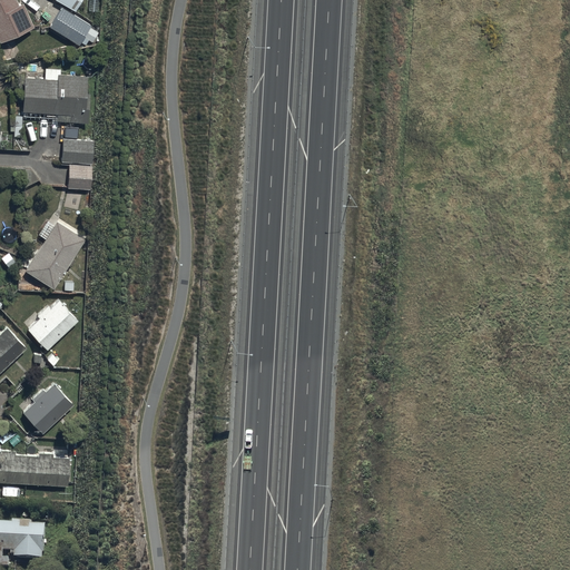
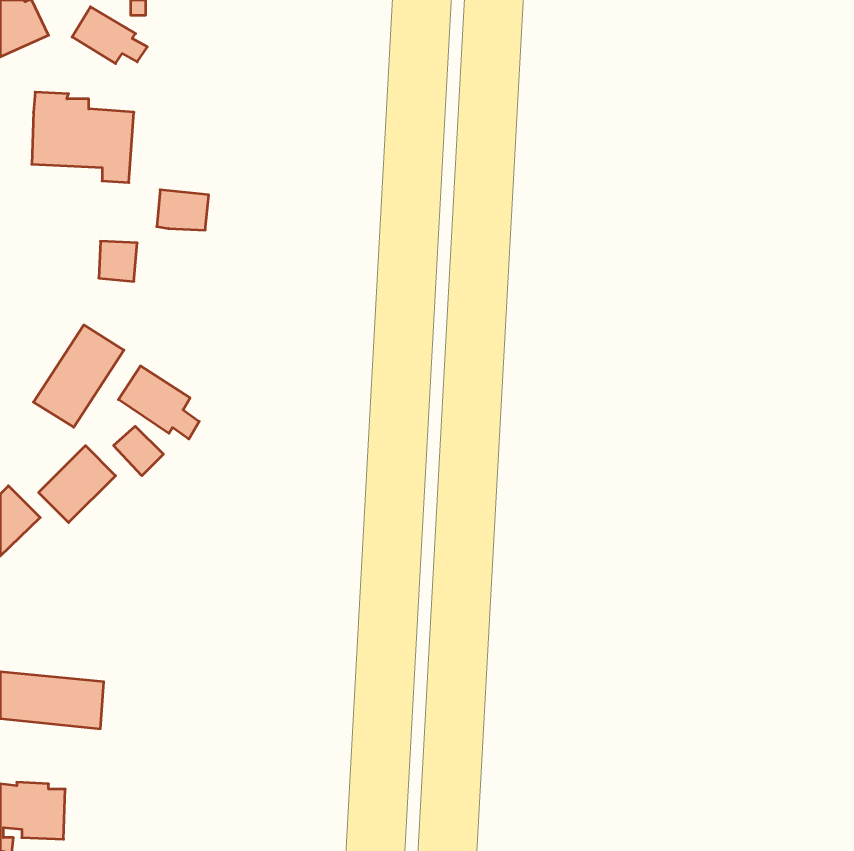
building: [60,138,95,165] -> [157,190,209,230]
building: none -> [118,366,199,439]
building: none -> [114,426,163,476]
building: [19,382,73,435] -> none

